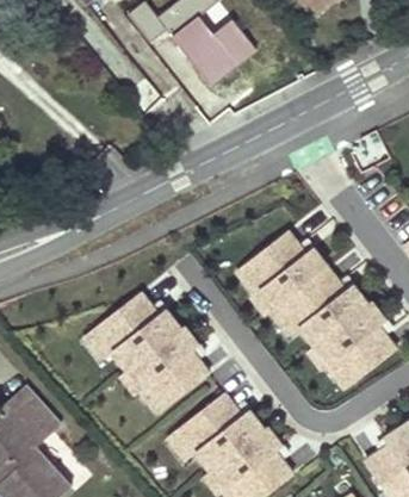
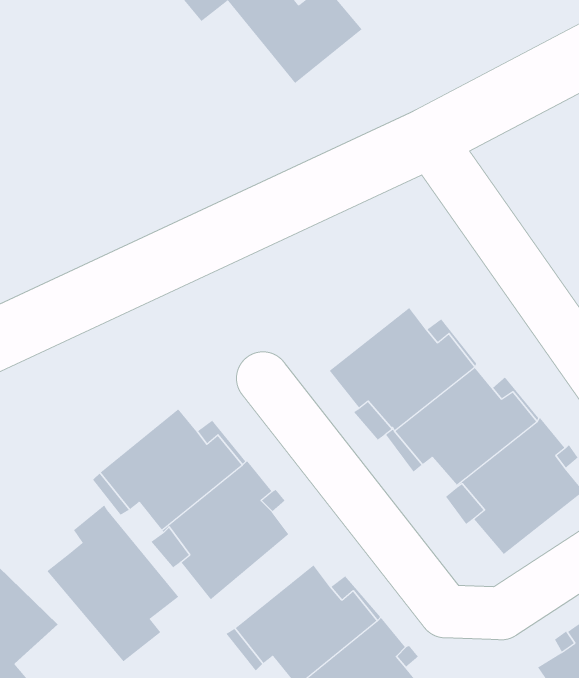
building: none -> [47,505,184,662]

